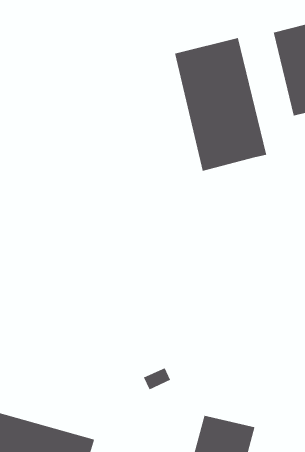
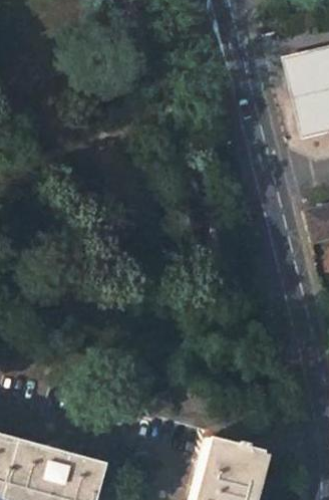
building: [174,37,267,172] -> none

